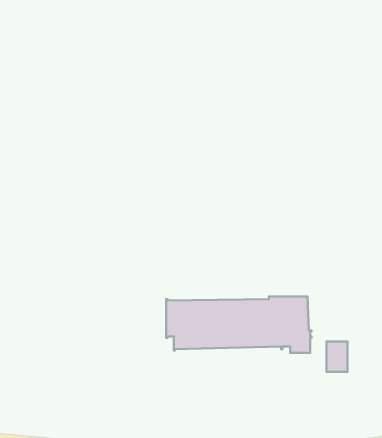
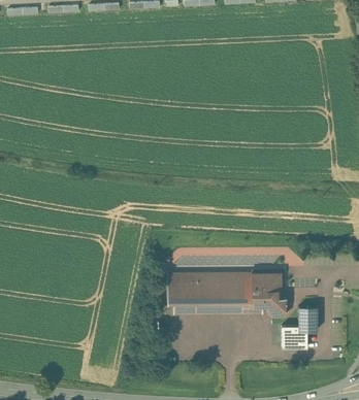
building: none -> [282,326,307,347]

